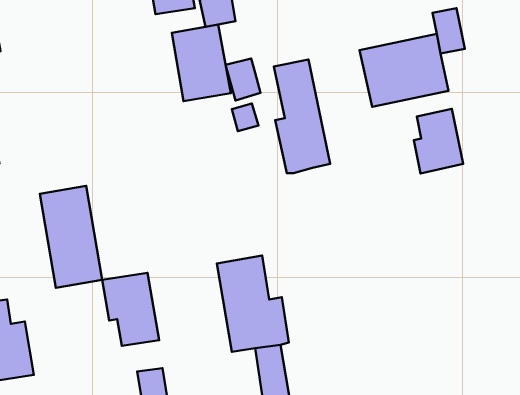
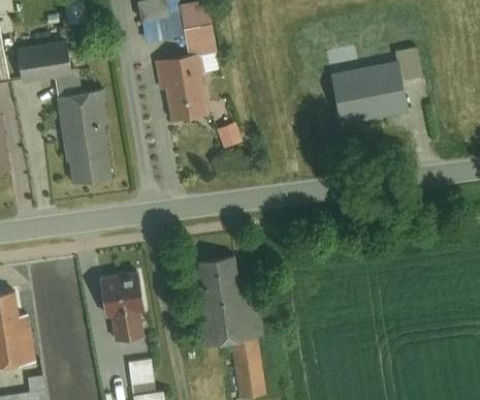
building: none -> [13,44,81,91]
building: [226,59,260,100] -> none
building: [274,60,330,173] -> none
building: [414,109,463,174] -> none
building: [40,186,102,288] -> [59,91,115,182]

